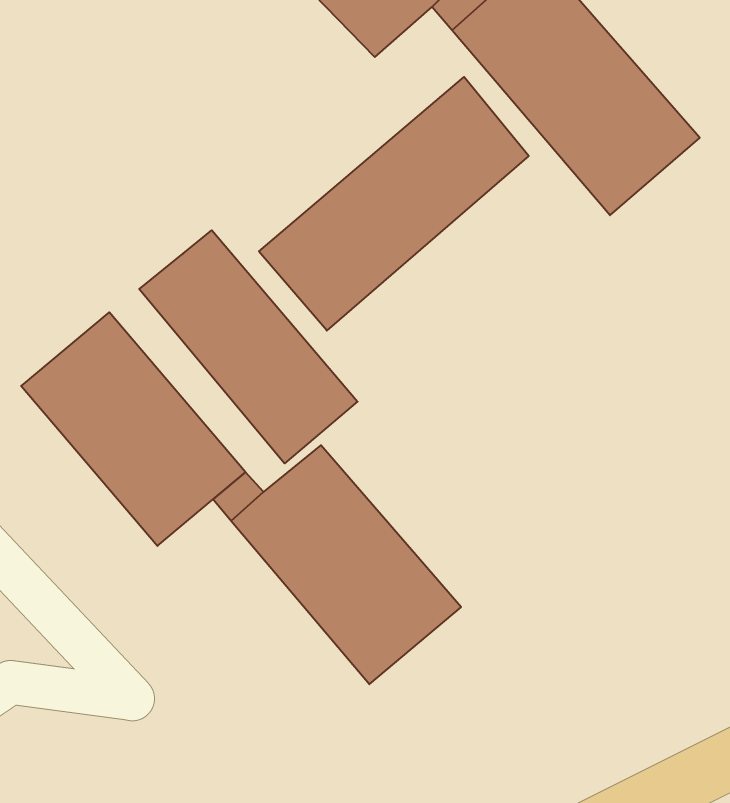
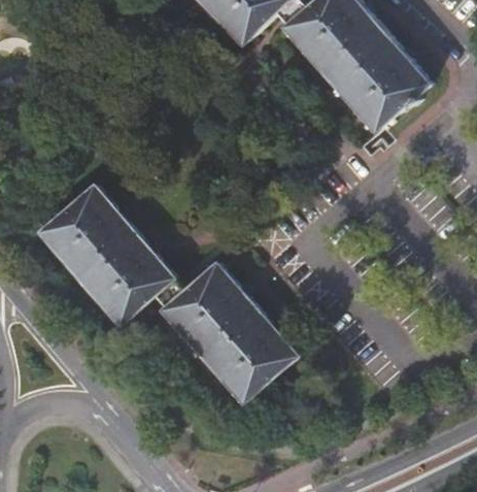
building: [259,77,529,331] -> none
building: [139,230,358,463] -> none

